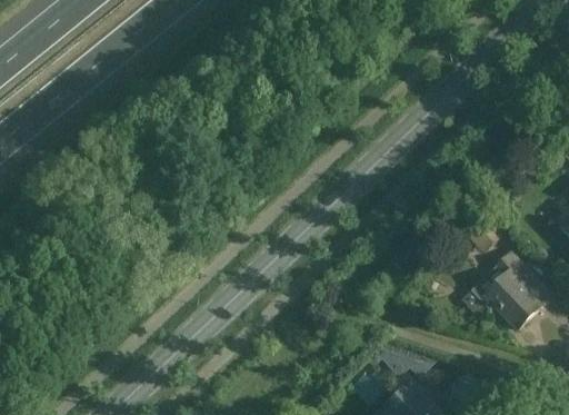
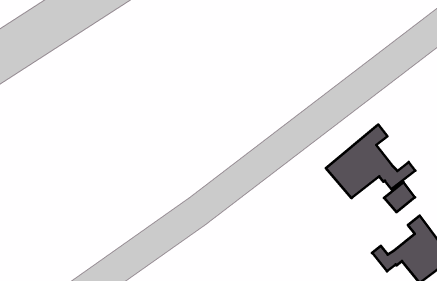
building: none -> [326,125,415,198]

